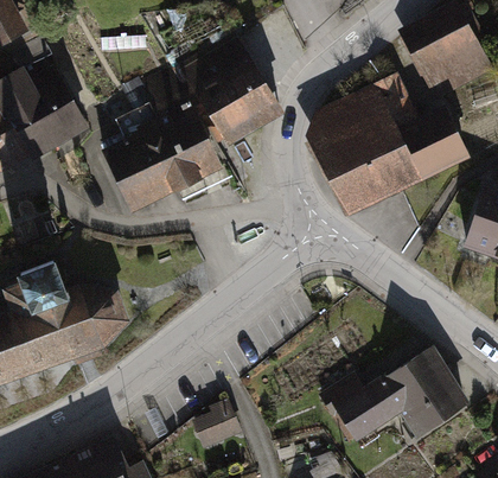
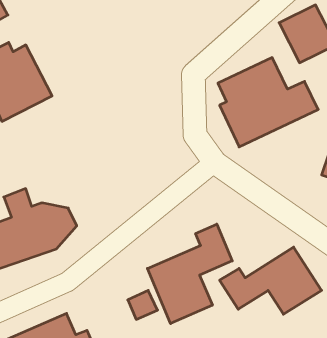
building: [102,34,277,216] -> none
building: none -> [147,224,232,324]

